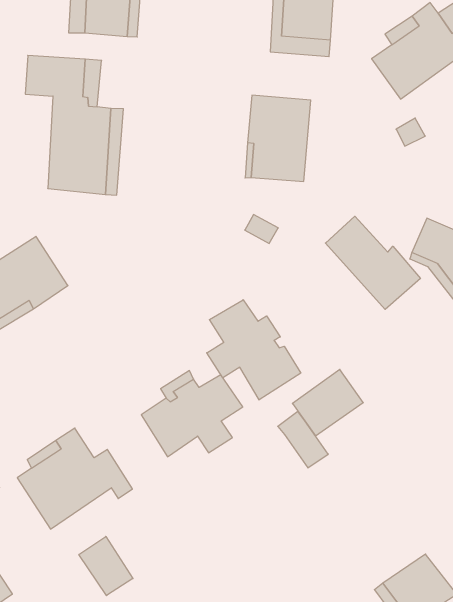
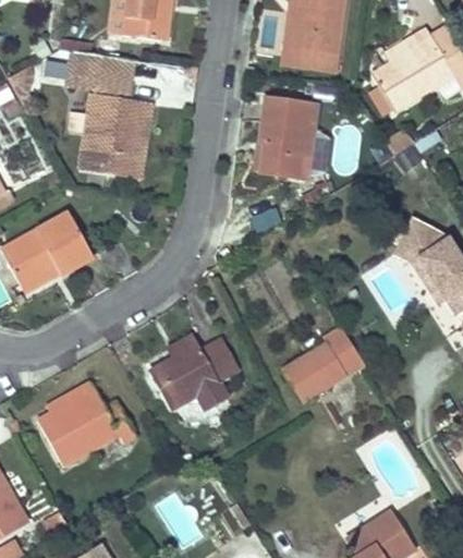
building: [325,216,420,309] -> none
building: [207,300,301,400] -> none
building: [278,411,328,468] -> [320,324,363,374]
building: [79,536,133,596] -> none

